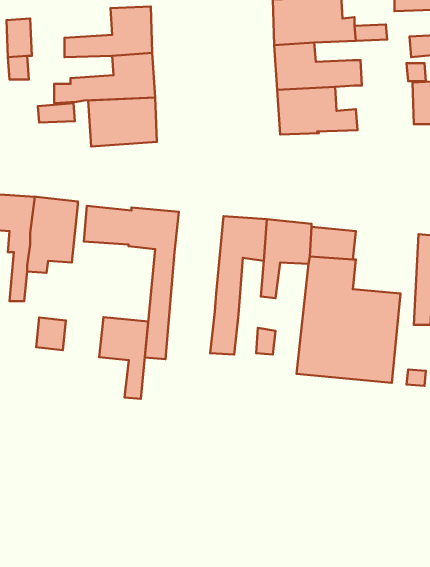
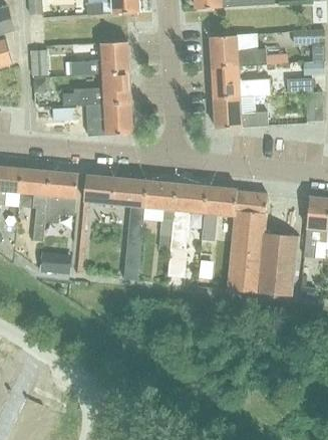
building: [99,317,148,399] -> [143,180,177,235]

